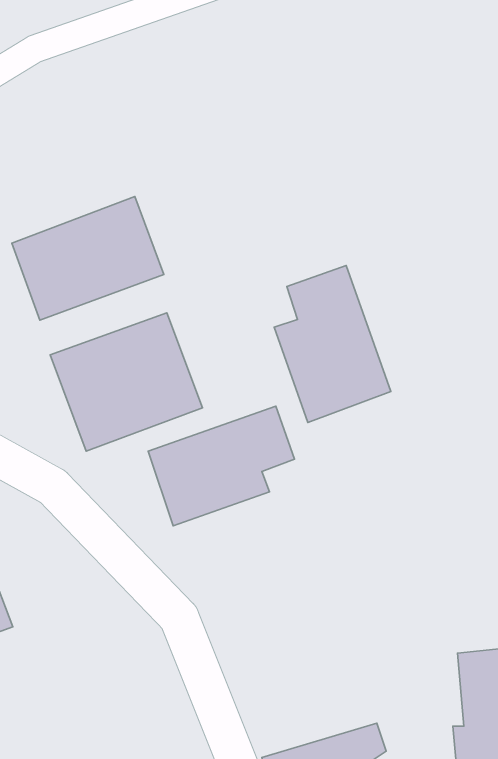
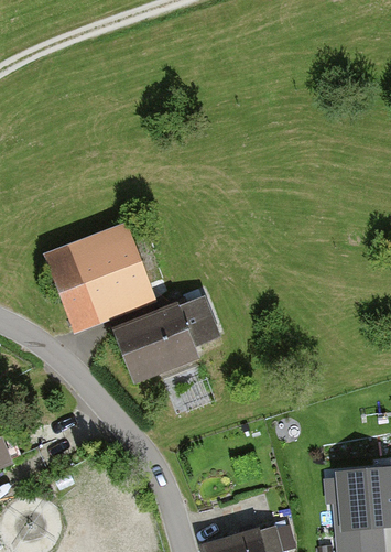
building: [12,197,164,320] -> none
building: [274,266,391,422] -> none

